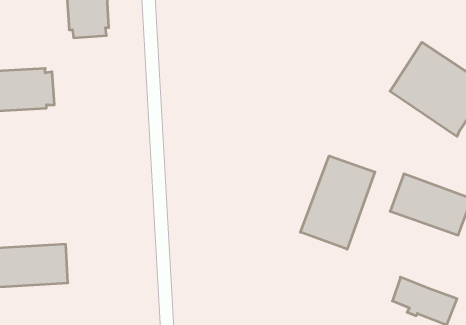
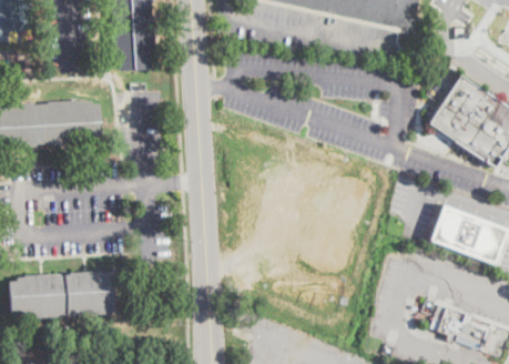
building: [300,156,375,249] -> none

